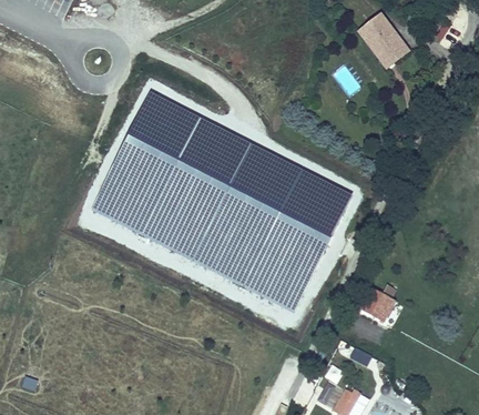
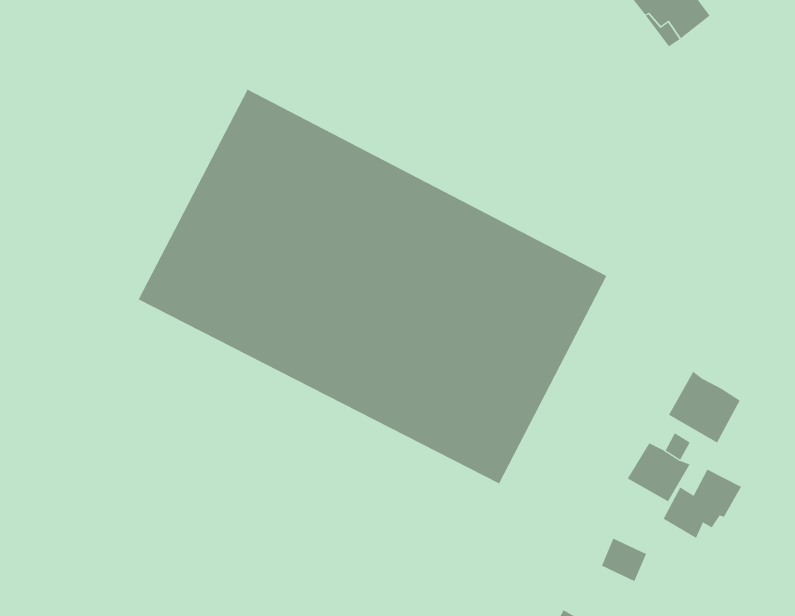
building: none -> [668,371,740,443]
building: none -> [663,469,742,539]

